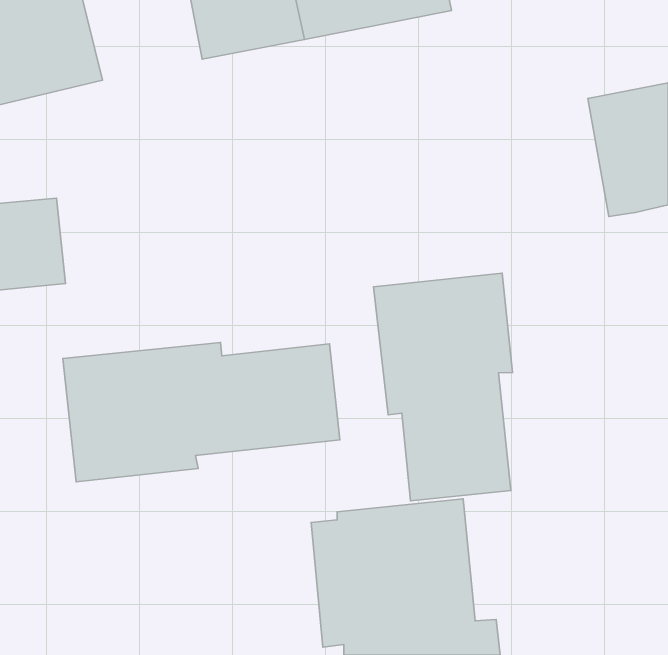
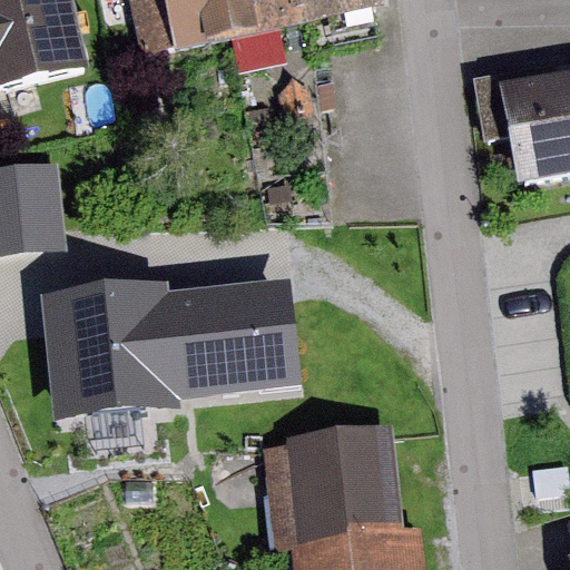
building: [373,273,513,501] -> none

